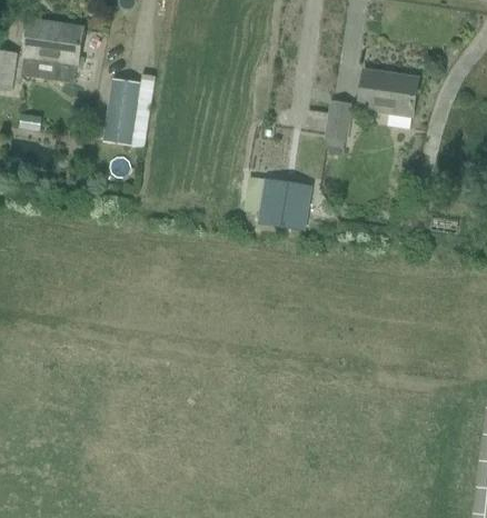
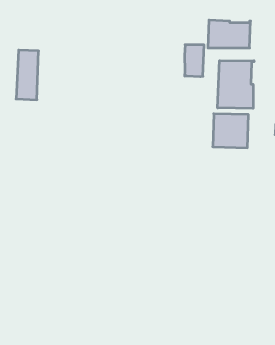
building: none -> [218,61,254,108]
building: [259,178,310,227] -> [213,114,248,148]

